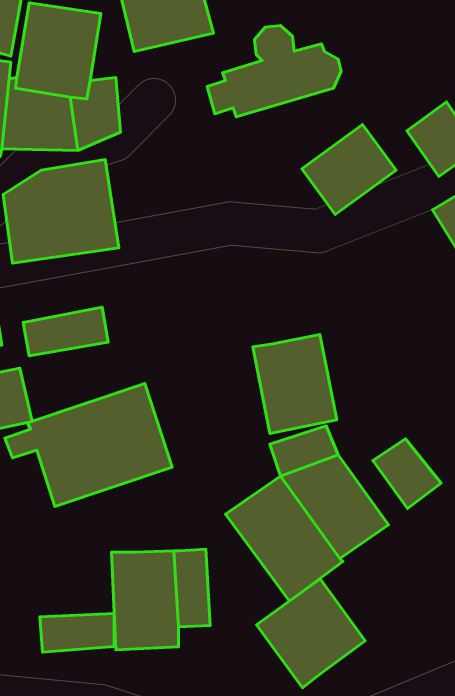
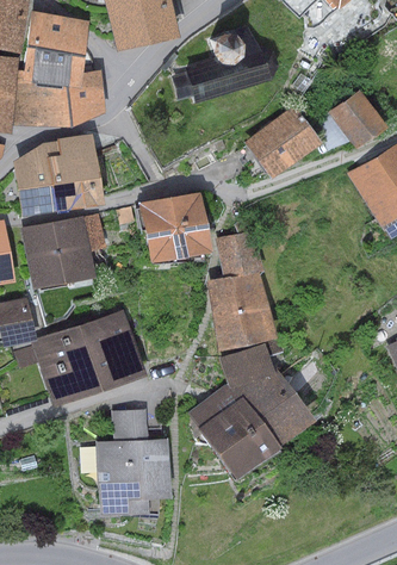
building: none -> [138,193,210,262]
building: none -> [21,213,105,262]
building: none -> [216,232,262,279]
building: [373,439,441,509] -> none
building: none -> [112,409,150,442]
building: [256,579,365,688] -> none
building: [40,613,114,652] -> none

